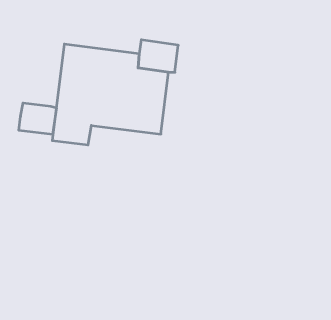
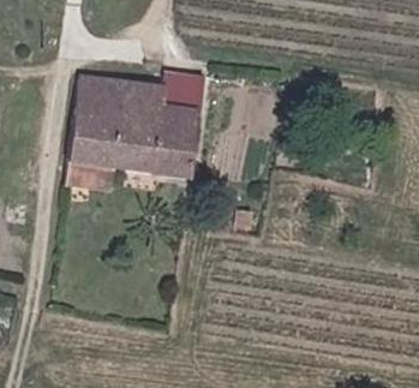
building: [19,103,56,134] -> none

